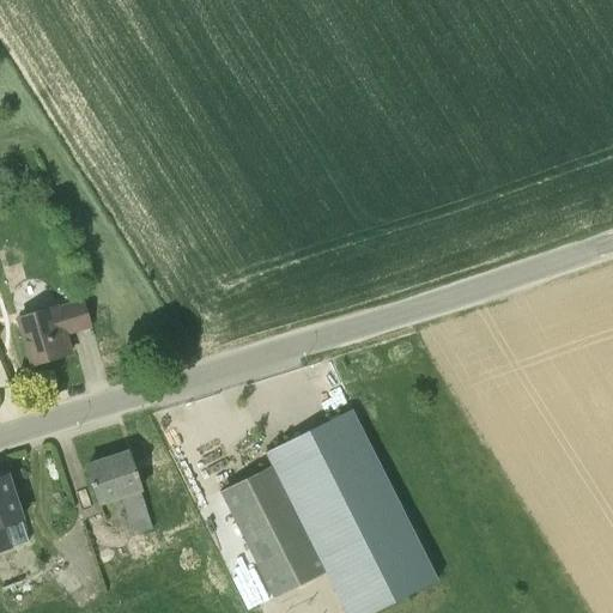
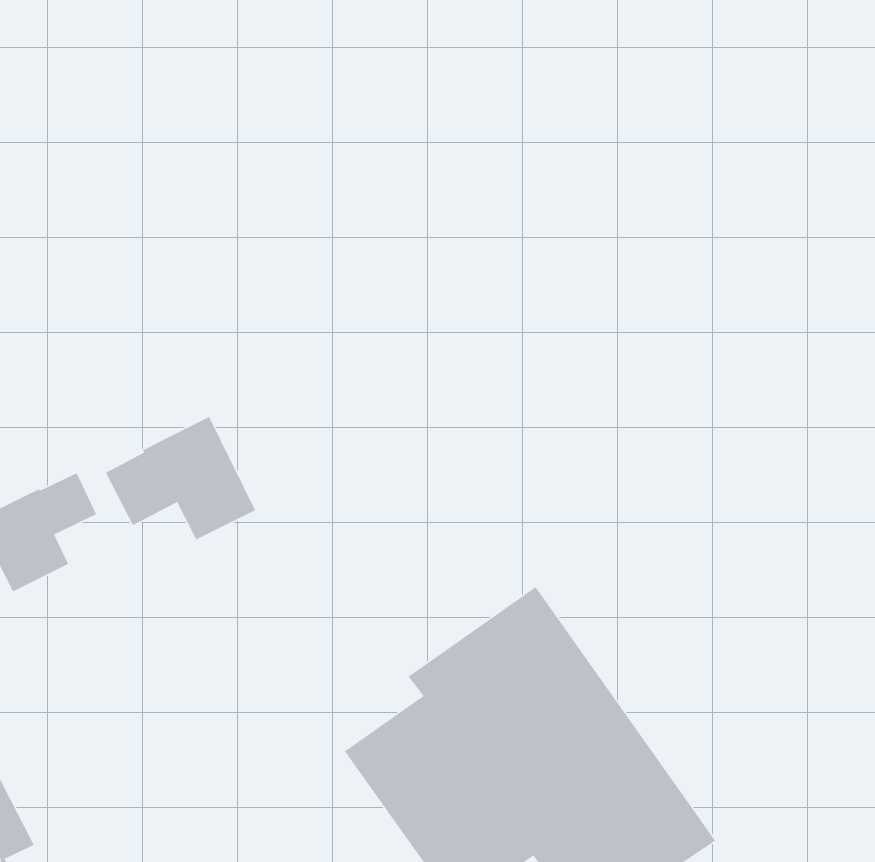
building: none -> [105,416,256,541]
building: [87,453,154,535] -> none

